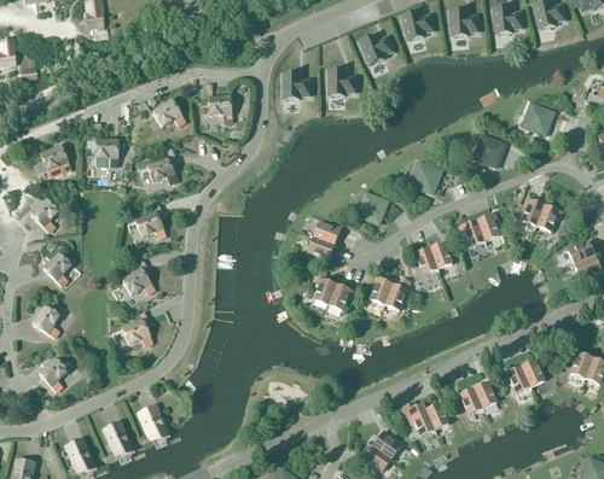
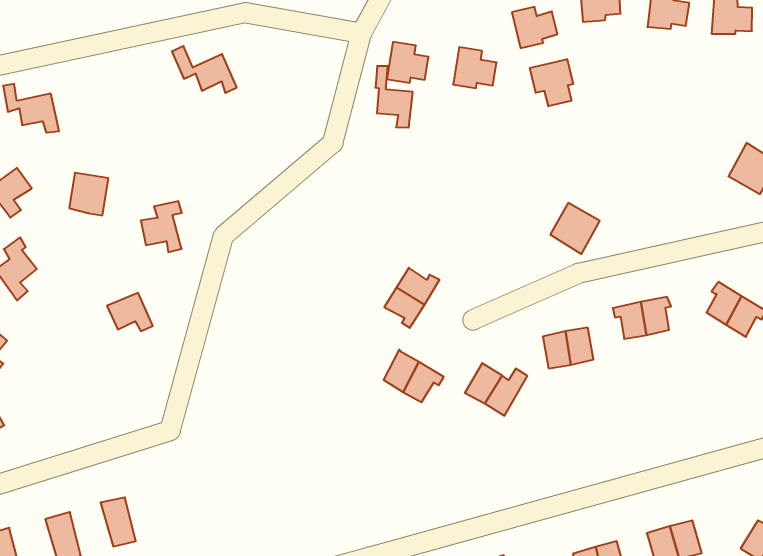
building: none -> [530,59,573,106]
building: [204,82,232,122] -> [375,66,413,128]
building: [472,135,505,168] -> none
building: [95,140,118,165] -> [69,173,108,215]
building: [146,147,178,183] -> none
building: [355,192,388,224] -> none
building: [122,310,153,345] -> none

